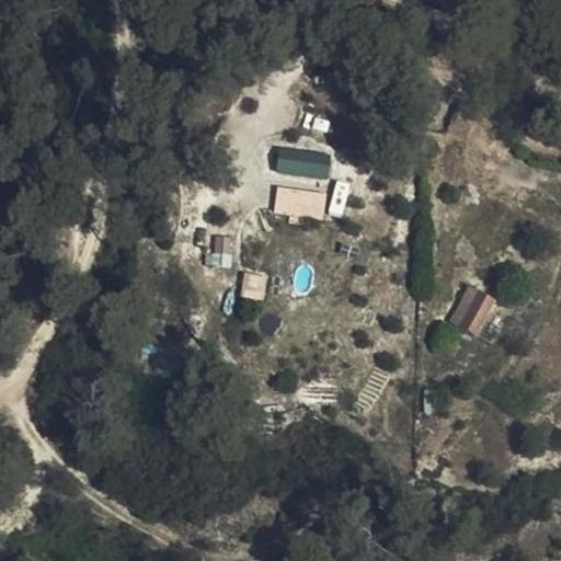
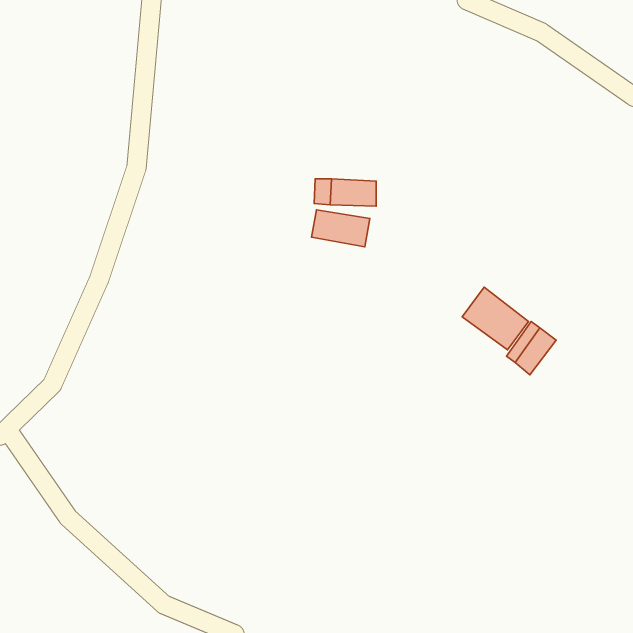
building: none -> [462,287,528,350]

